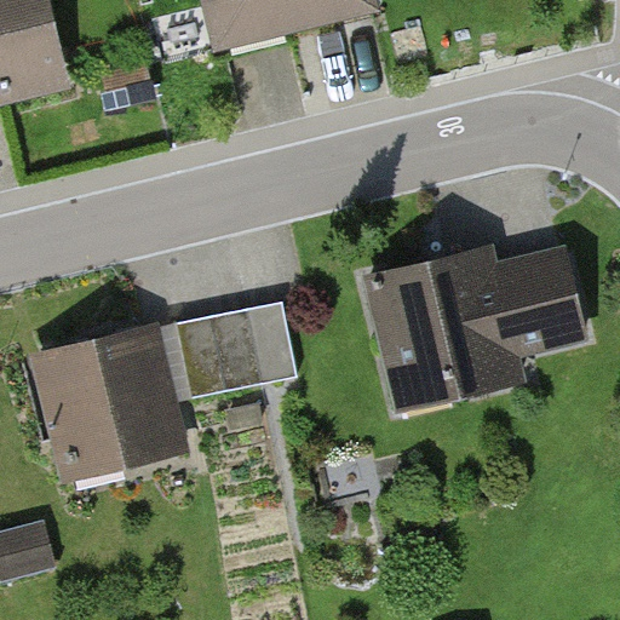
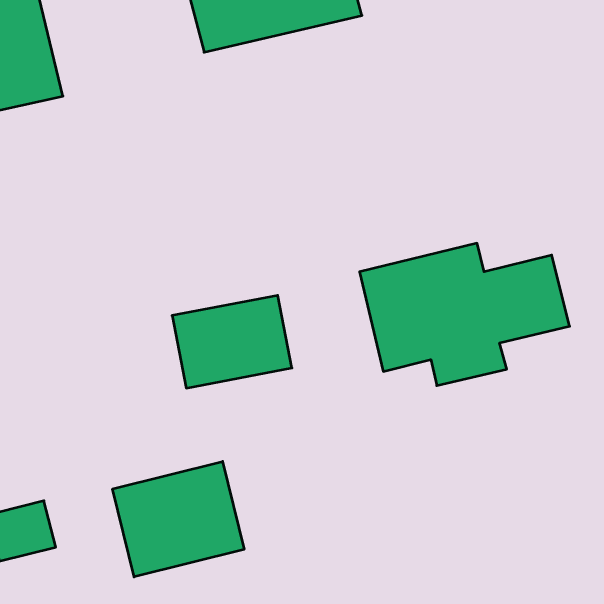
building: [42,331,174,460] -> none
building: none -> [113,461,244,577]

